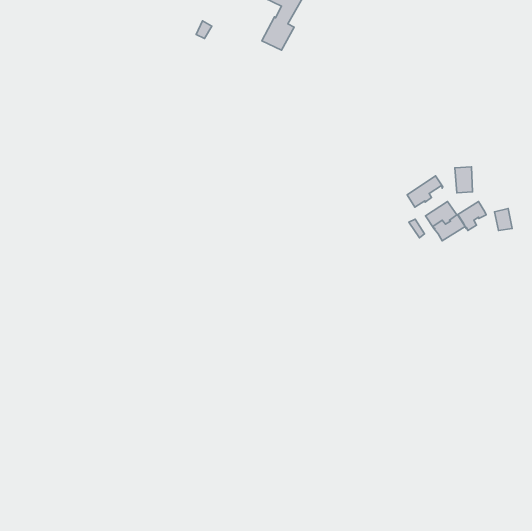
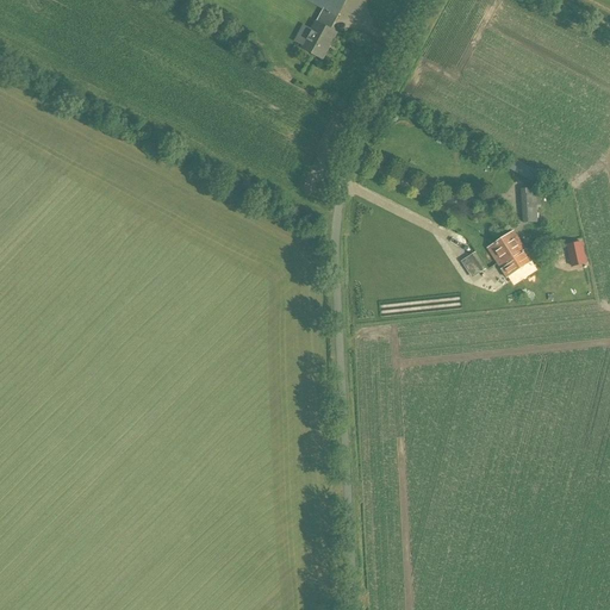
building: [407,176,443,207] -> none
building: [458,201,486,230] -> none

